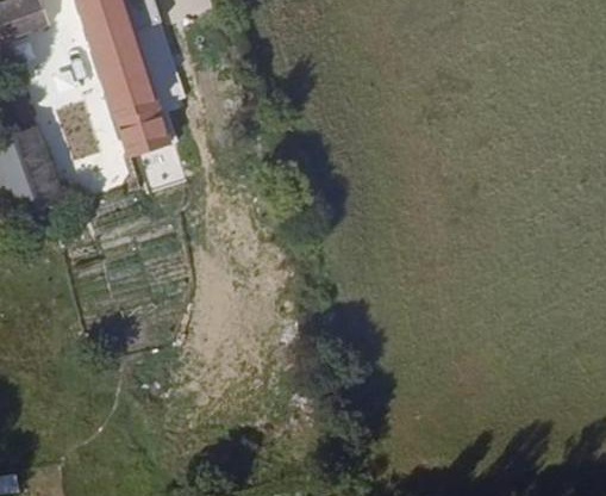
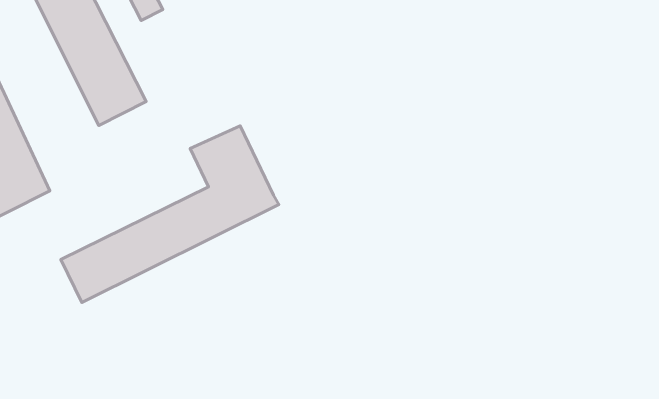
building: none -> [61,126,279,303]

